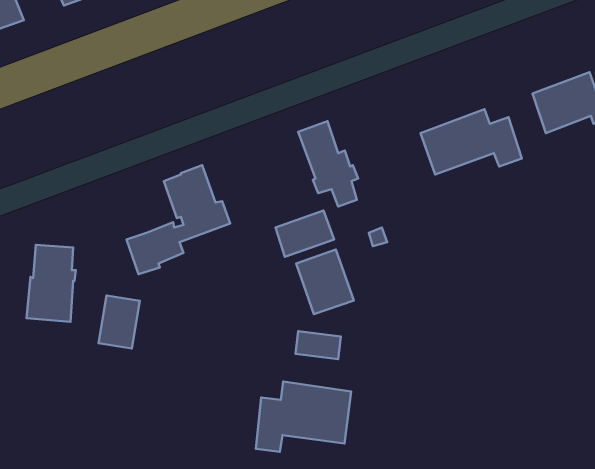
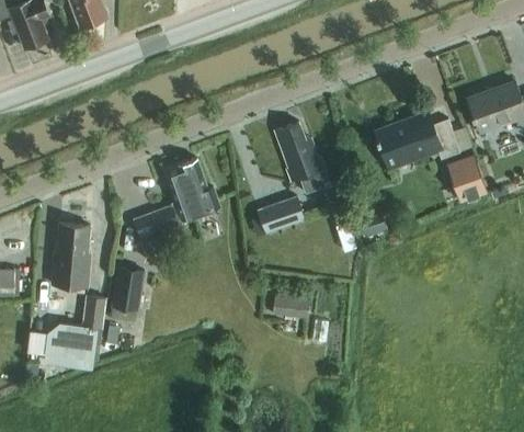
building: none -> [445,154,488,203]
building: [296,250,354,314] -> none
building: none -> [43,296,104,370]
building: [256,381,351,452] -> none

